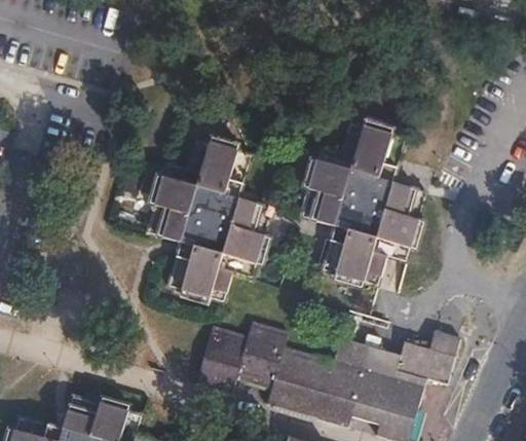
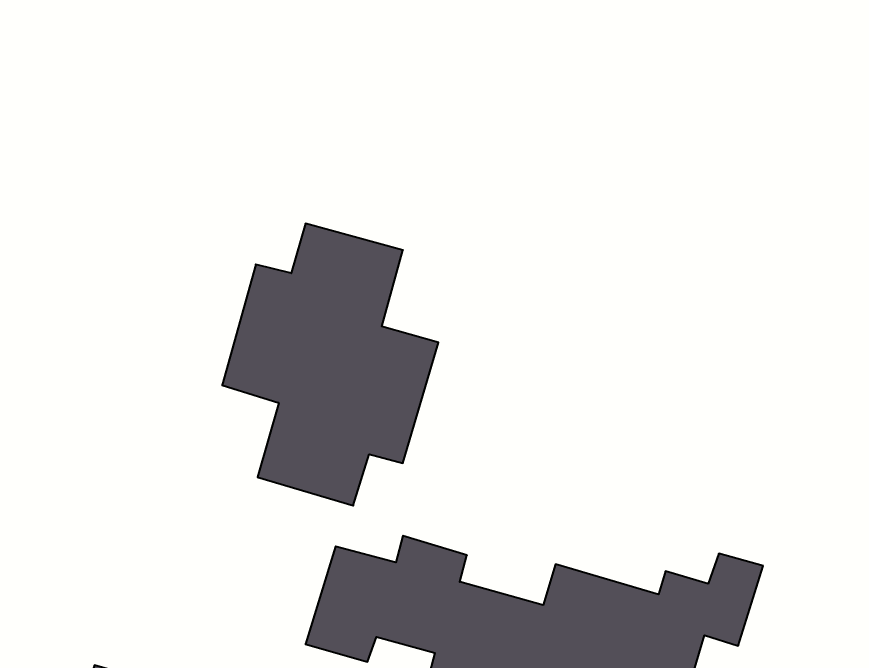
building: [301,122,426,286] -> none

